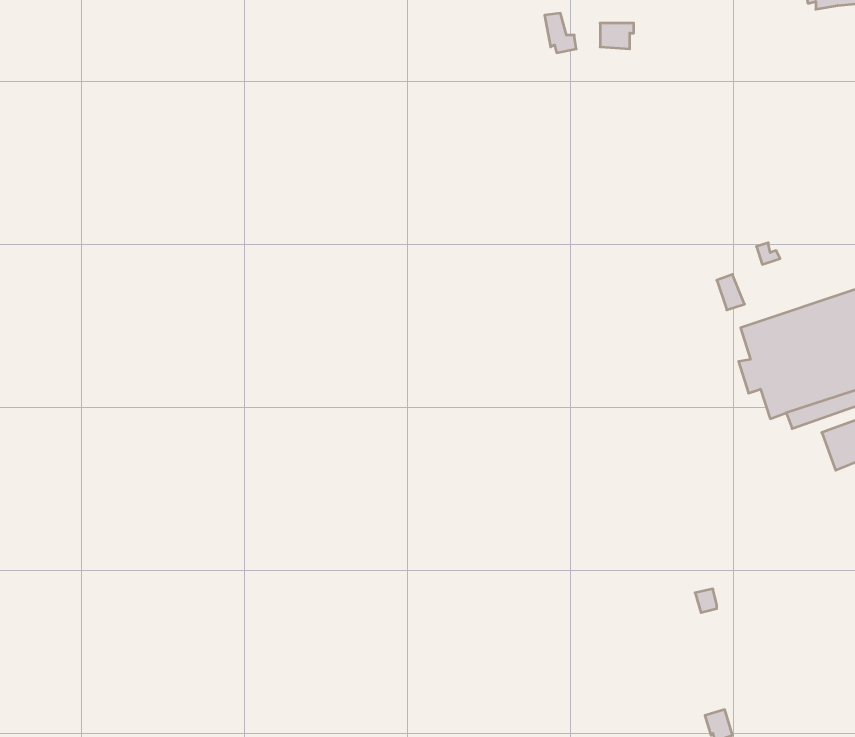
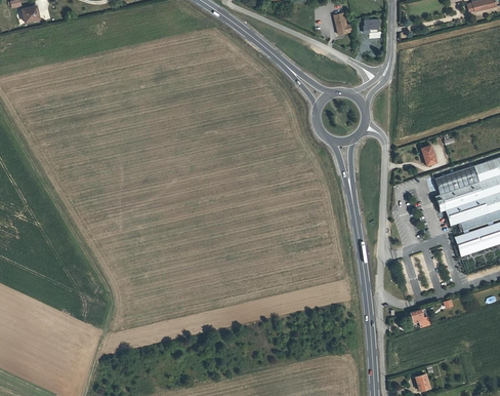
building: none -> [456,231,485,258]

